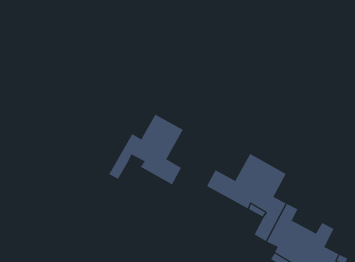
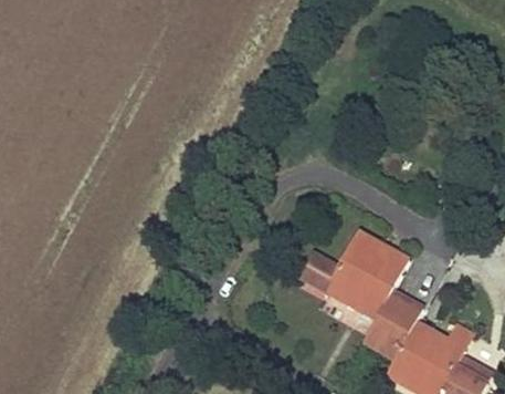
building: [108,114,184,185] -> none

